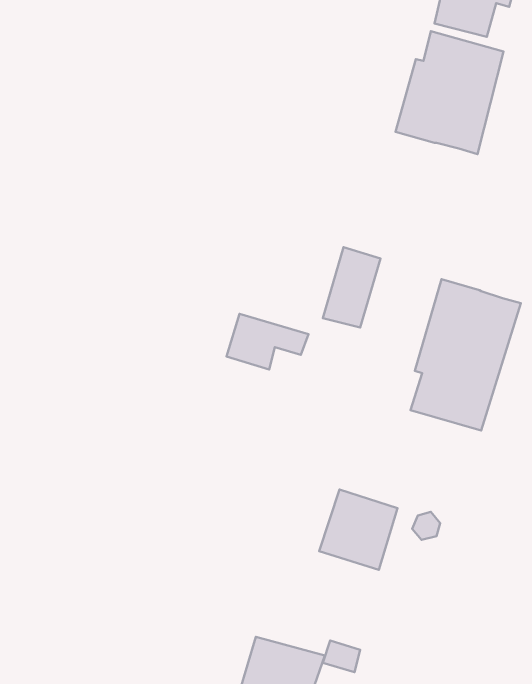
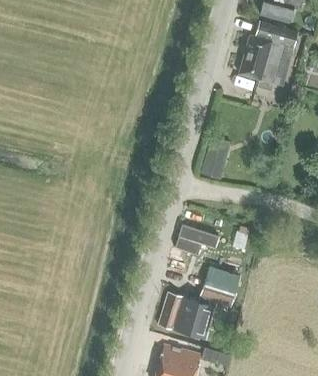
building: [410,279,521,431] -> none
building: [226,314,308,370] -> [175,225,219,255]
building: none -> [159,293,213,337]

